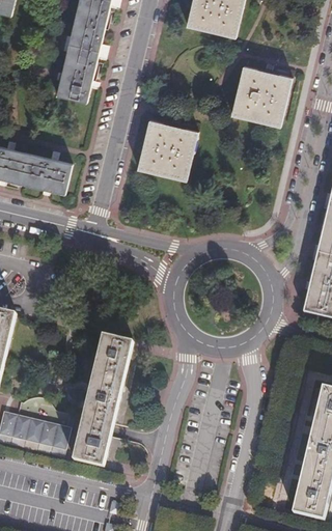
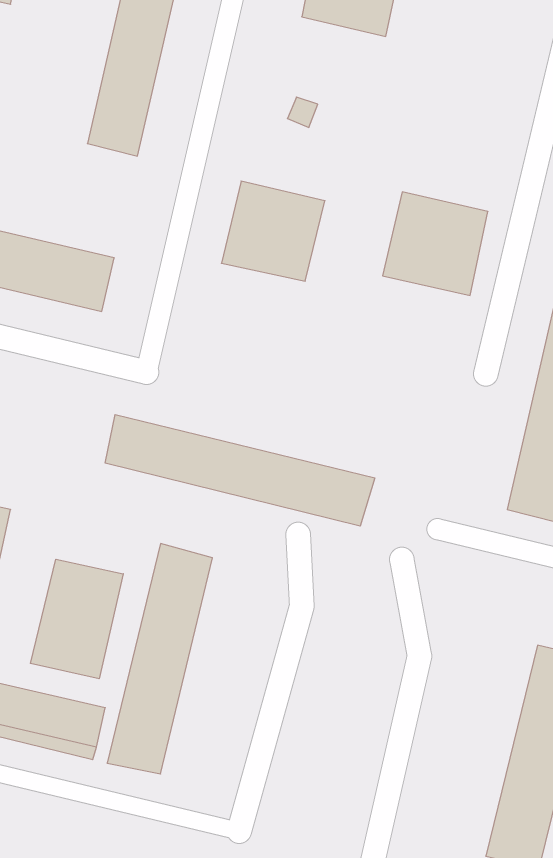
building: [229,65,290,125] -> [383,192,488,295]
building: none -> [105,415,375,526]
building: none -> [30,559,123,679]

